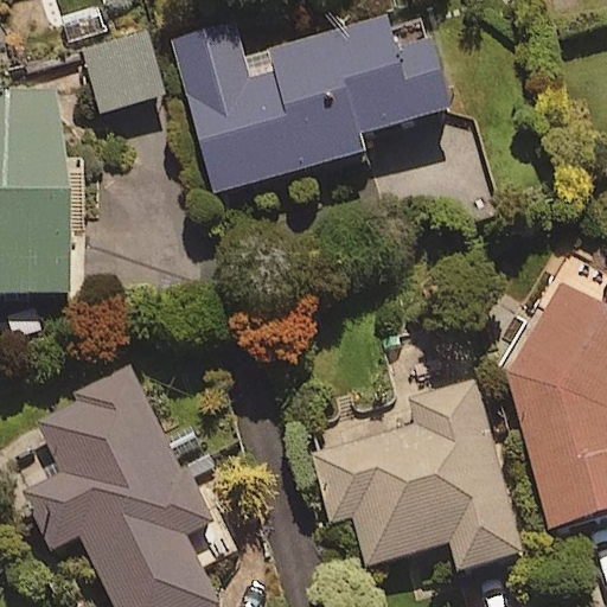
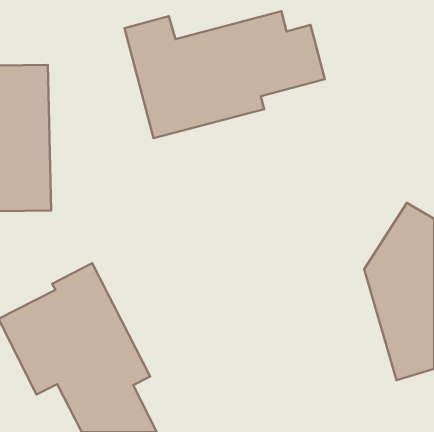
building: [82,31,165,111] -> none
building: [317,379,520,571] -> none

